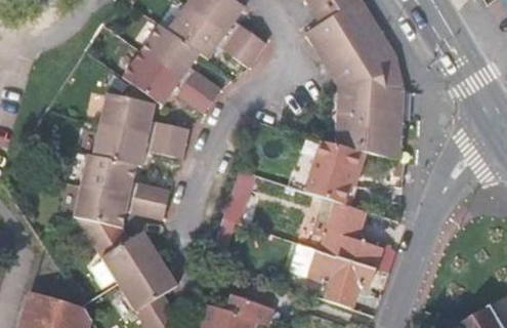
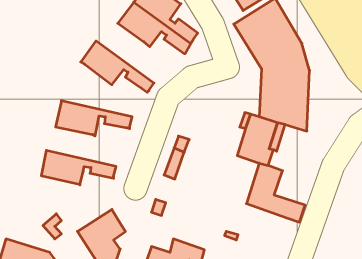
building: [140,25,220,102] -> none
building: [98,93,187,144] -> none
building: [80,154,168,204] -> none
building: [75,215,160,283] -> none
building: [290,242,373,305] -> none

